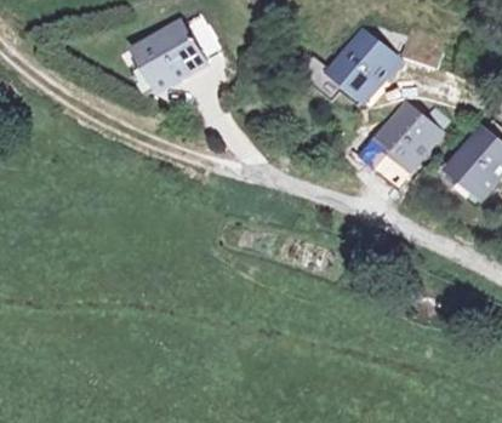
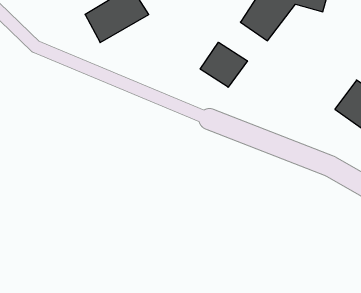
building: none -> [200,42,247,87]
building: [377,109,438,173] -> none

